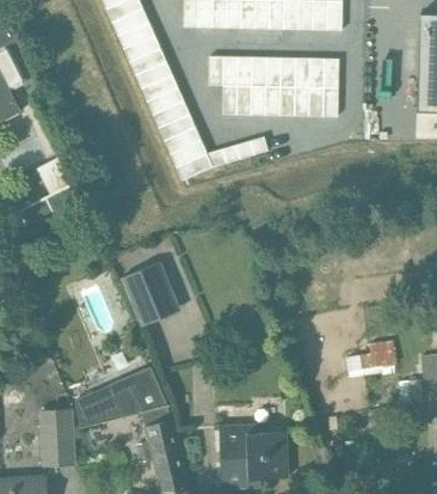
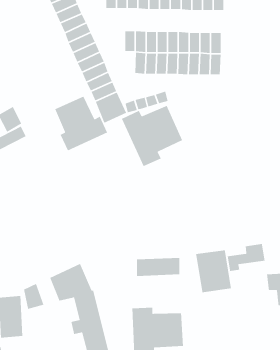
building: none -> [54,95,108,152]
building: none -> [121,105,183,167]
building: [121,262,181,327] -> none
building: none -> [195,249,232,293]
building: none -> [136,257,180,277]

